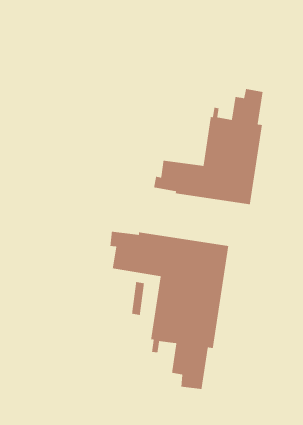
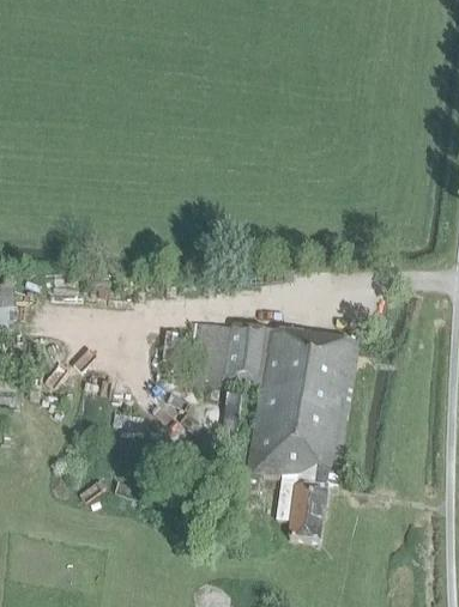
building: [153,88,263,205] -> none

